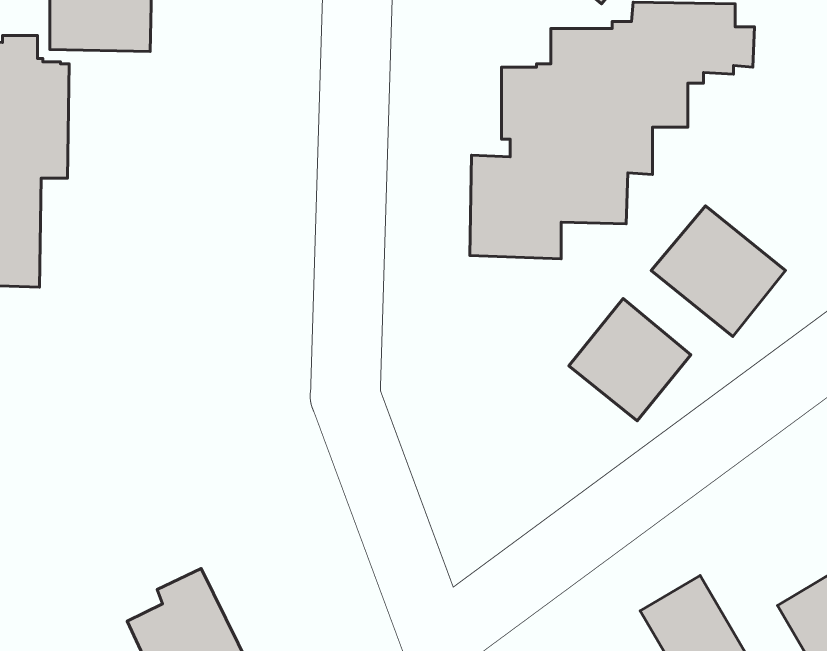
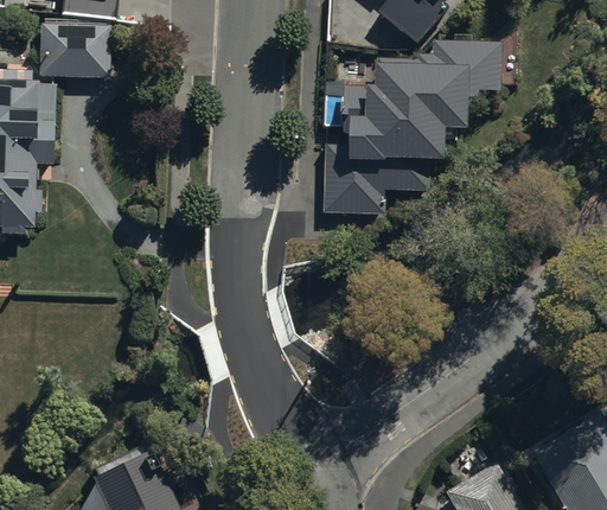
building: [651,206,785,337] -> none
building: [569,299,691,421] -> none

